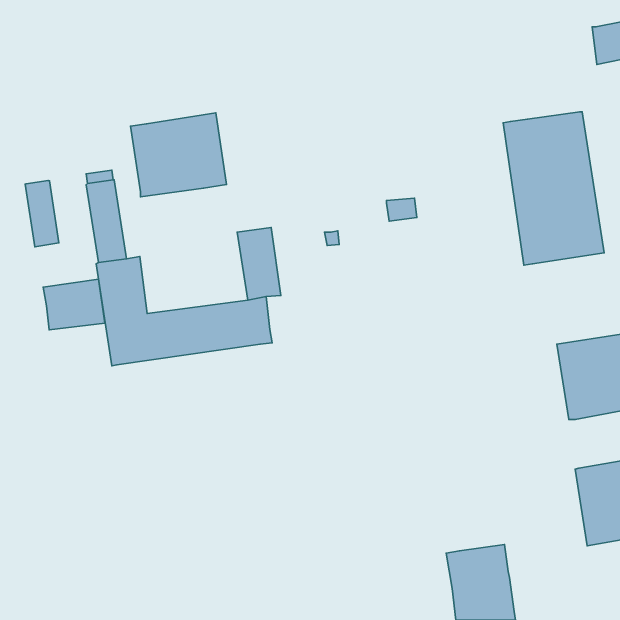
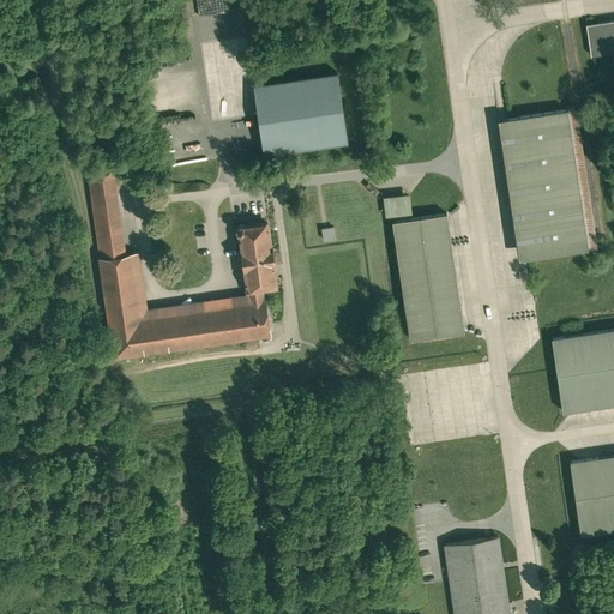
building: [131,113,227,197] -> [253,74,348,157]
building: [25,180,59,247] -> none
building: none -> [392,216,464,342]
building: [43,279,105,330] -> none

